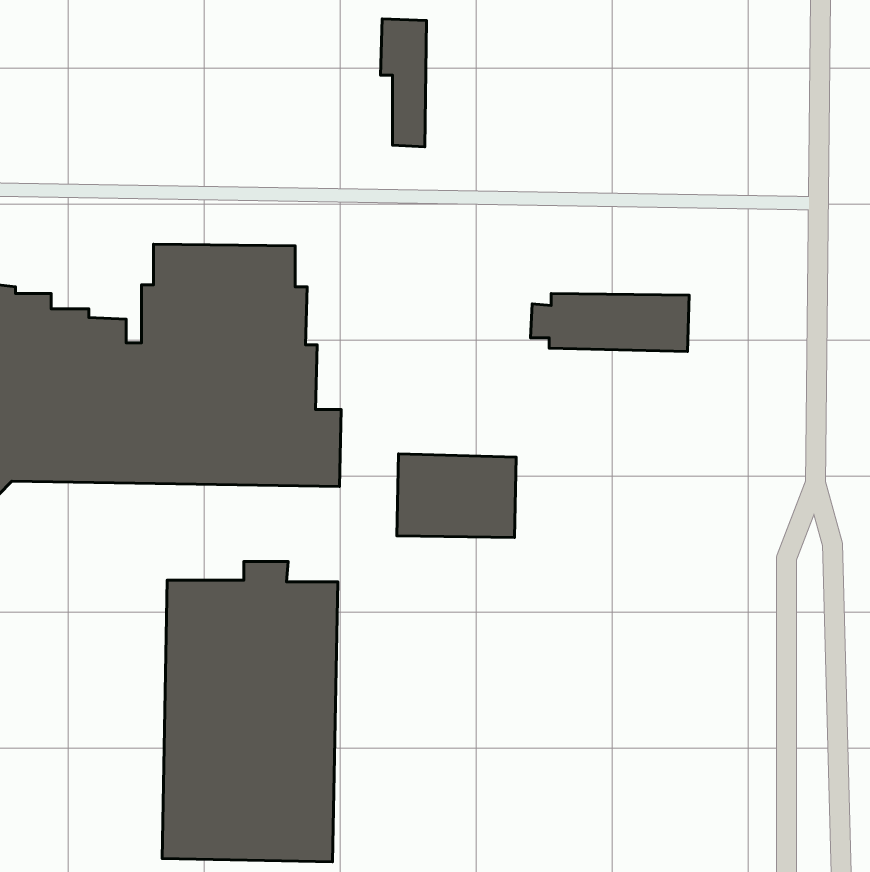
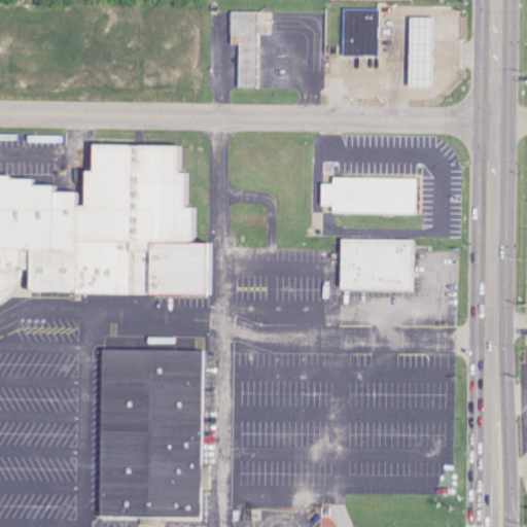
building: none -> [343,9,380,58]
building: none -> [409,19,433,87]
building: [397,454,516,537] -> [341,239,413,289]

